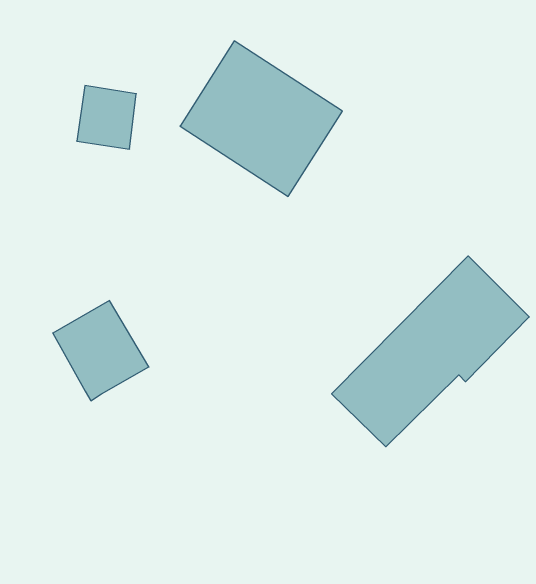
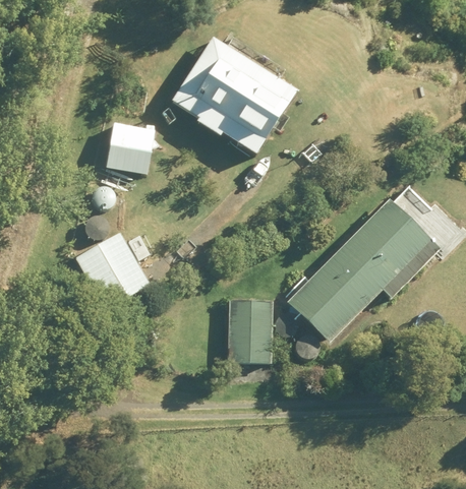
building: [77,86,136,149] -> [108,123,153,171]
building: none -> [229,299,271,361]

